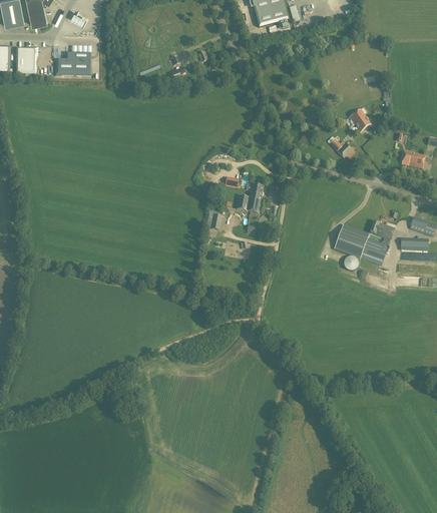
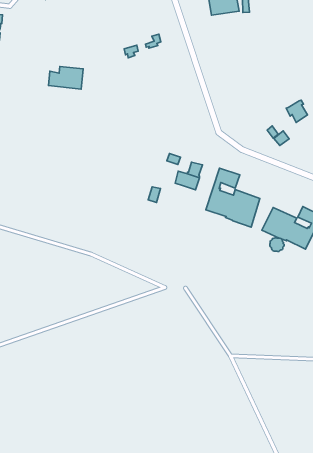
building: [55,52,90,74] -> [49,67,83,89]
building: none -> [206,168,260,227]

